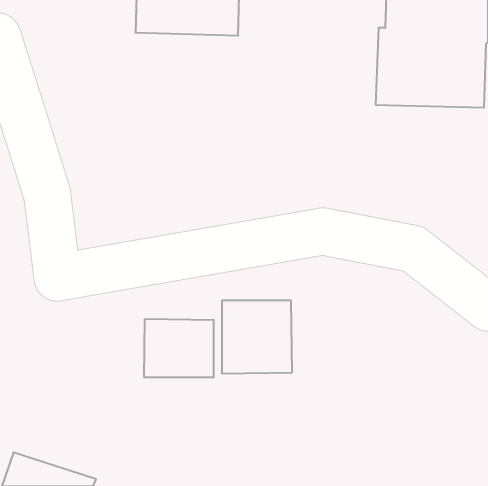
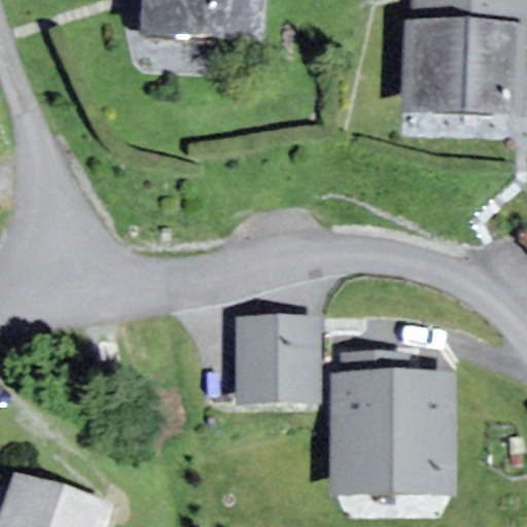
building: [144,319,214,377] -> none
building: none -> [333,381,449,493]

